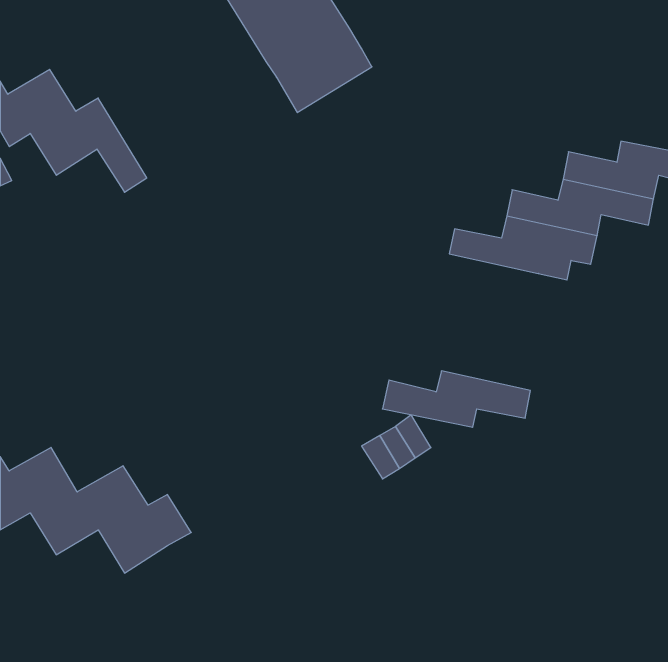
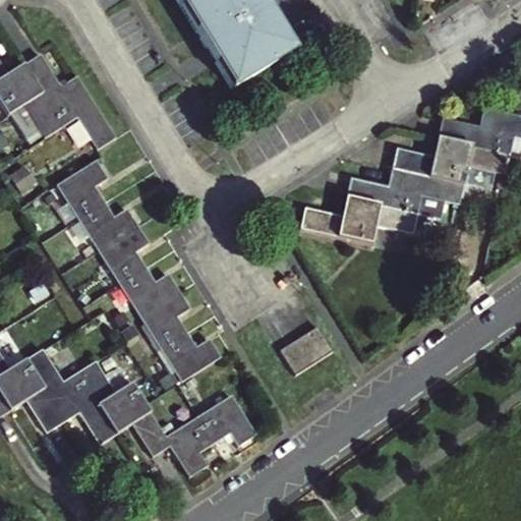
building: none -> [57,160,220,385]
building: [382,371,530,427] -> [304,197,419,241]
building: none -> [131,398,255,479]

